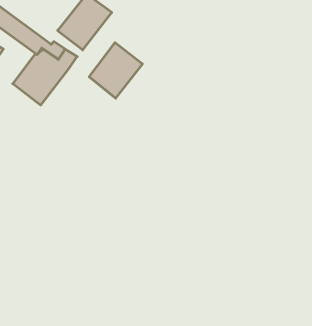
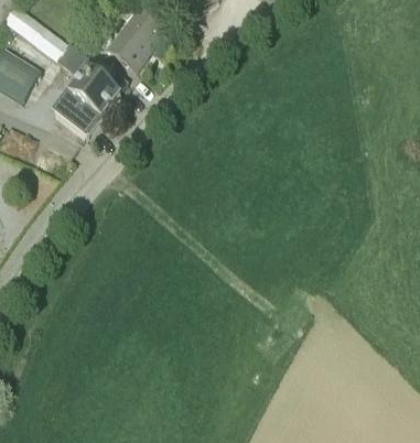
building: [89,43,142,98] -> none

